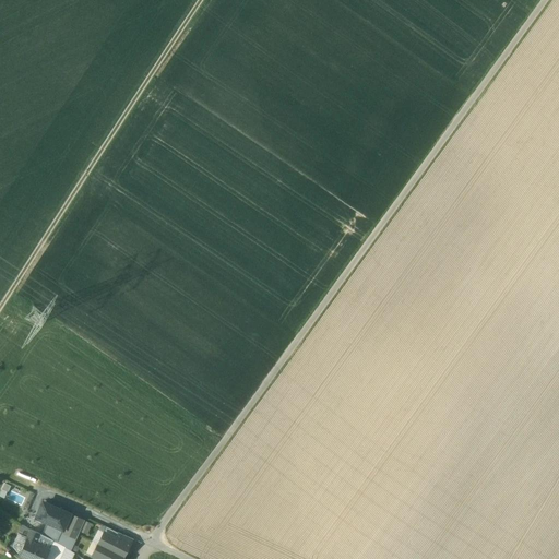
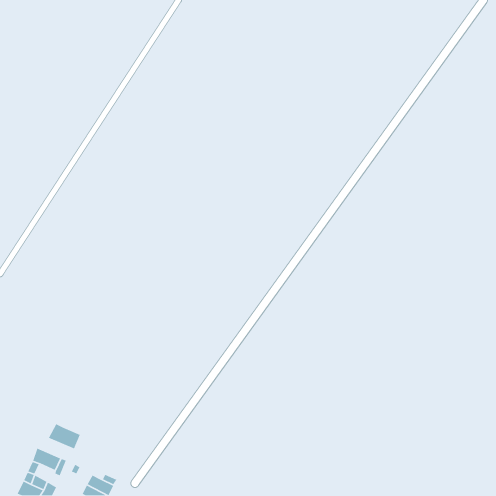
building: none -> [48,423,81,450]

